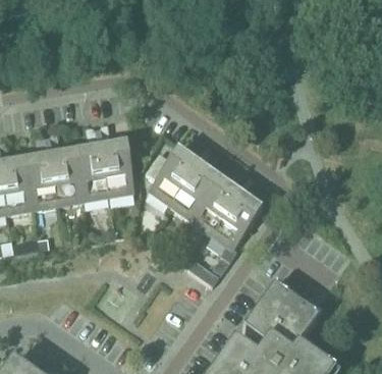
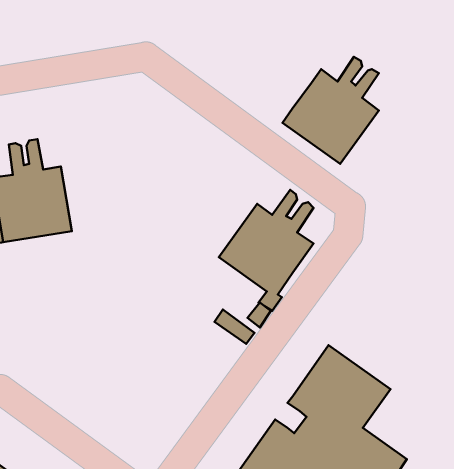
building: [75,120,135,197] -> none
building: [150,137,221,216] -> [283,57,379,164]

